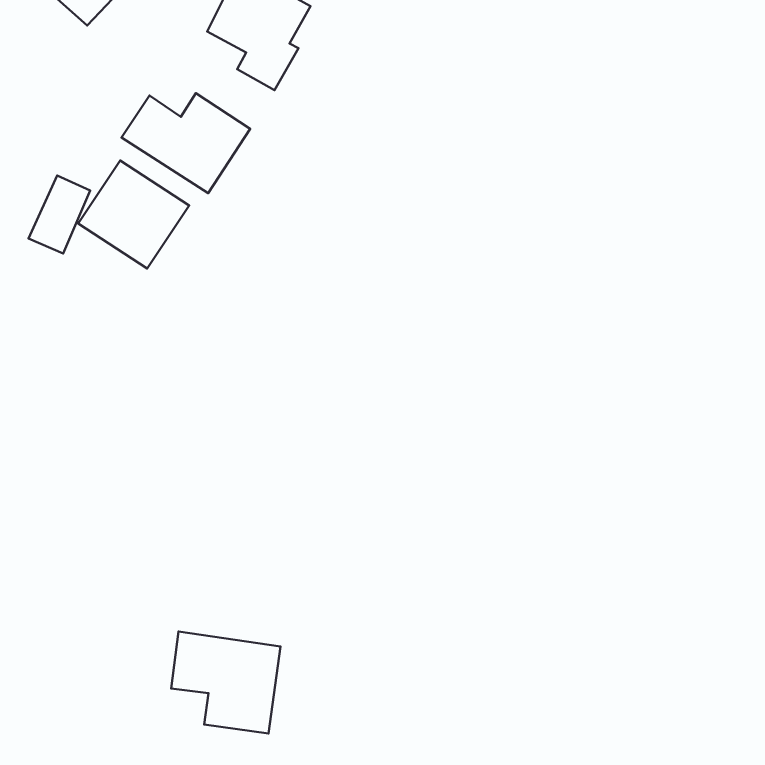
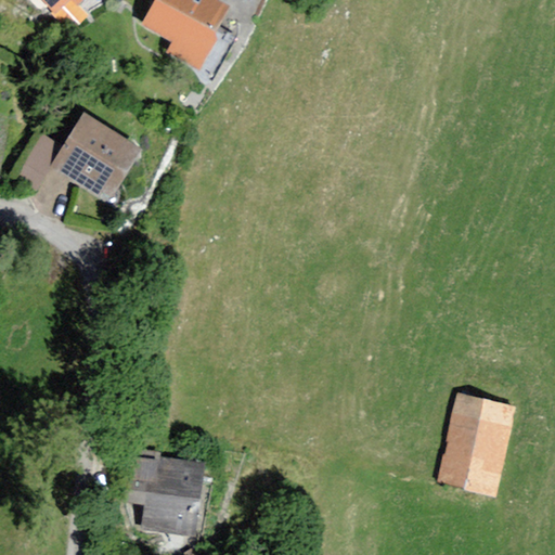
building: [122,93,250,193] -> none
building: none -> [437,395,514,499]

